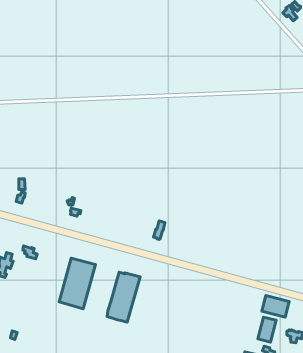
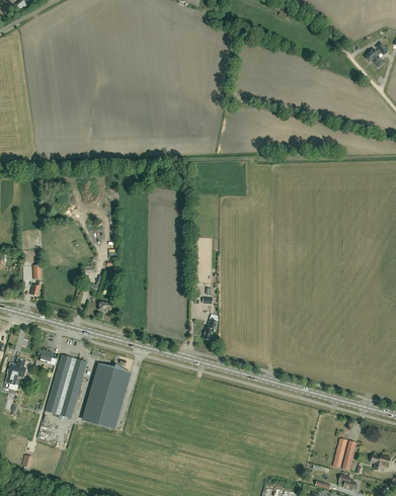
building: [107,272,140,322] -> [46,355,87,418]
building: [262,296,289,317] -> none

